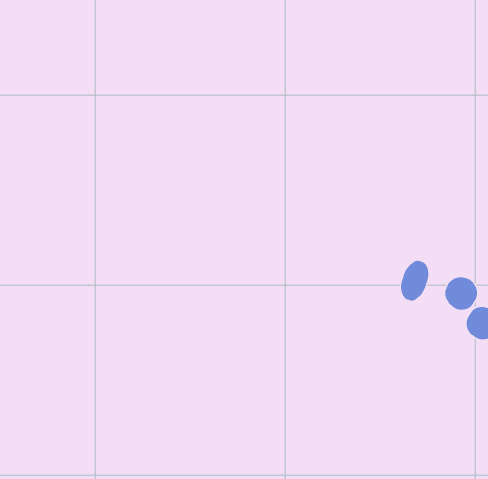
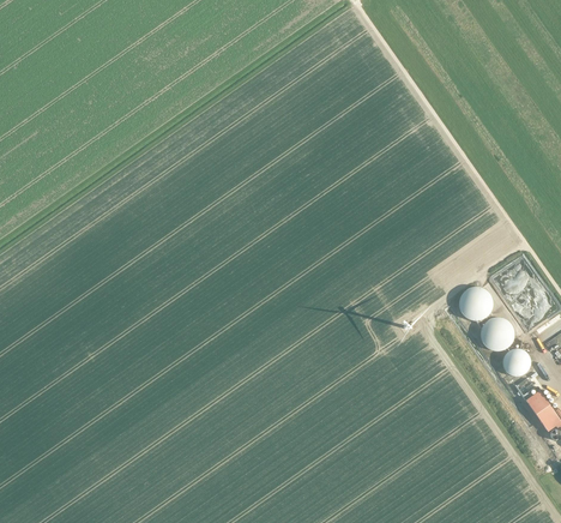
building: [400,260,429,301] -> none

